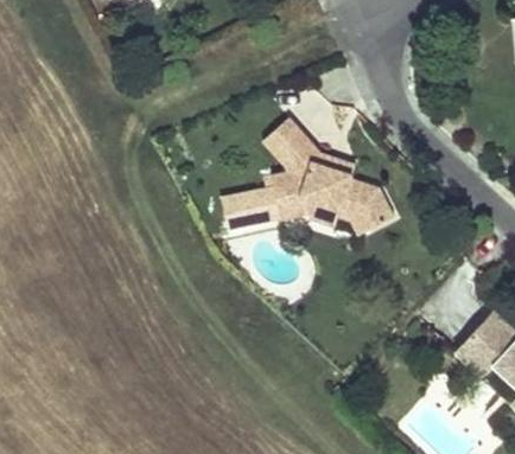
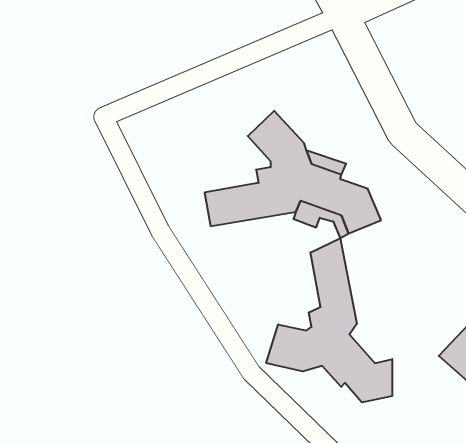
building: none -> [266,238,392,402]

